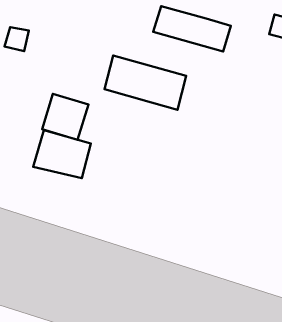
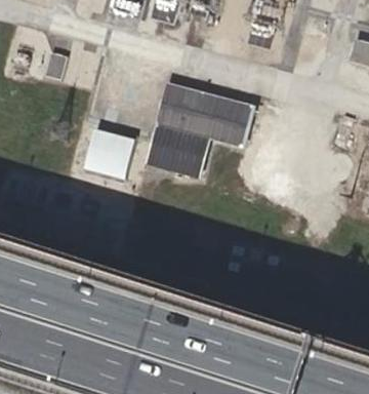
building: [153,6,231,51] -> none
building: [33,130,91,178] -> [146,122,212,178]

